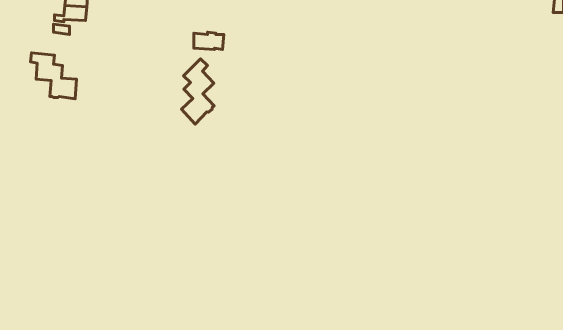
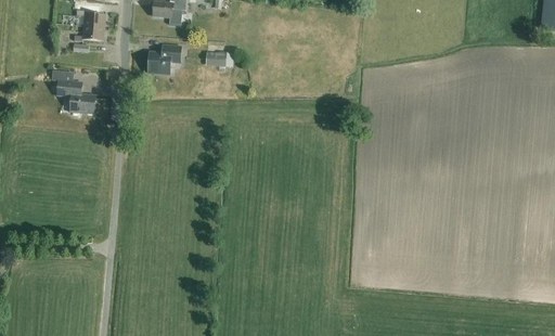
building: none -> [149,43,181,74]
building: [182,59,214,124] -> none

